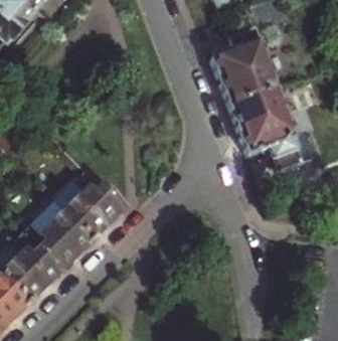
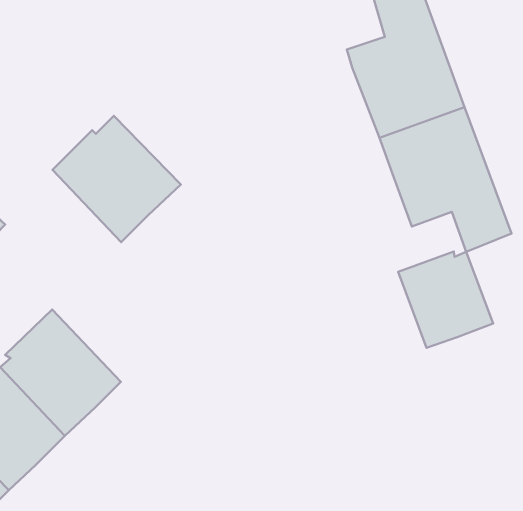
building: none -> [398,252,493,348]
building: [54,170,126,240] -> [52,116,181,242]

